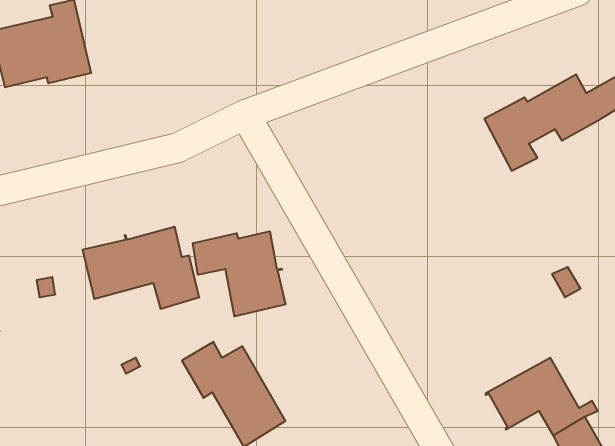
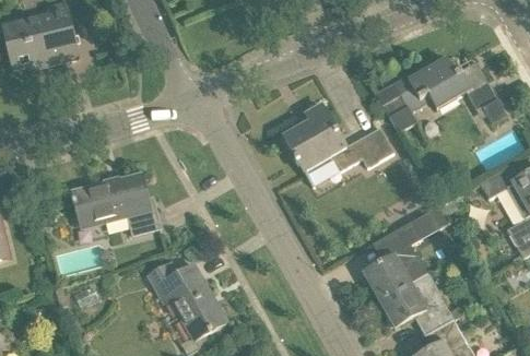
building: none -> [283,105,392,186]
building: [193,231,286,316] -> none
building: none -> [362,218,426,300]

